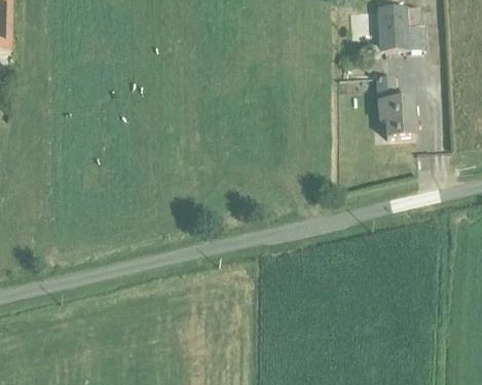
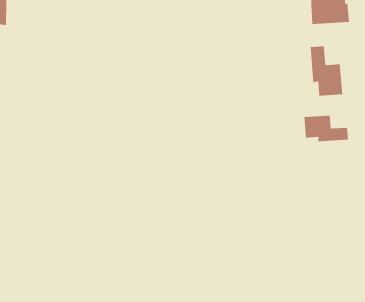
building: none -> [304,115,349,142]

